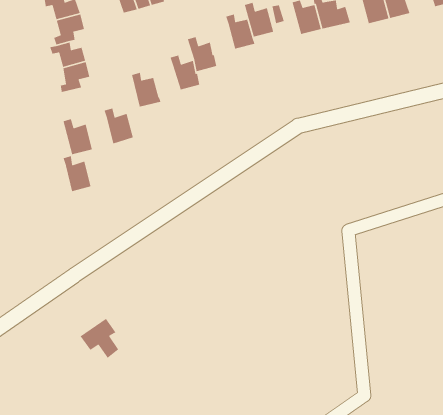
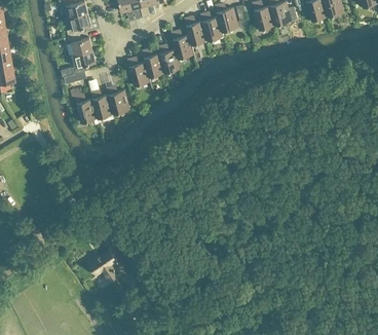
building: none -> [183,16,206,44]
building: none -> [141,48,164,77]
building: [62,155,91,192] -> [89,89,112,118]

